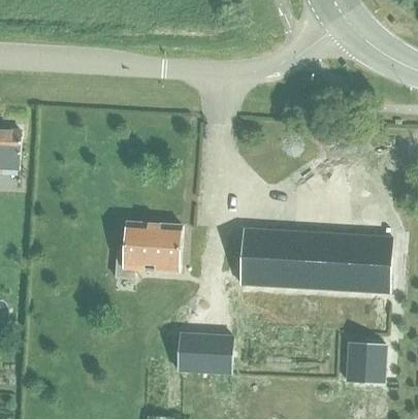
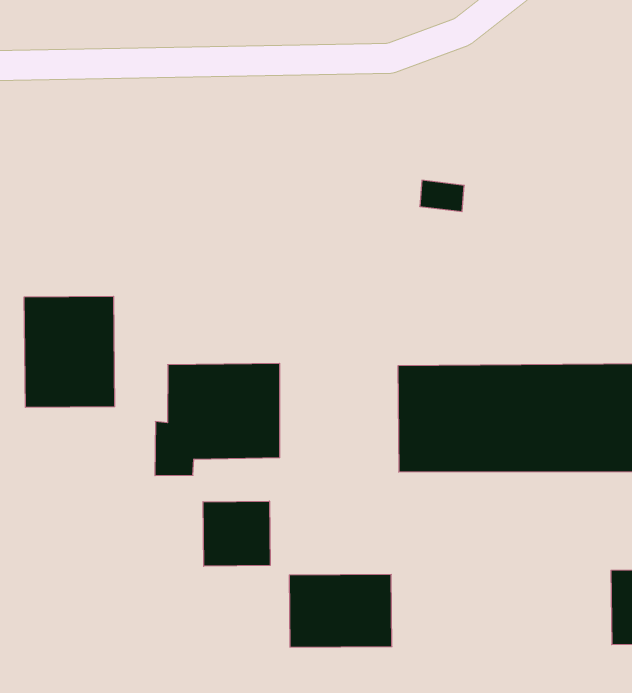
building: none -> [24,296,115,407]
building: none -> [203,501,270,566]

